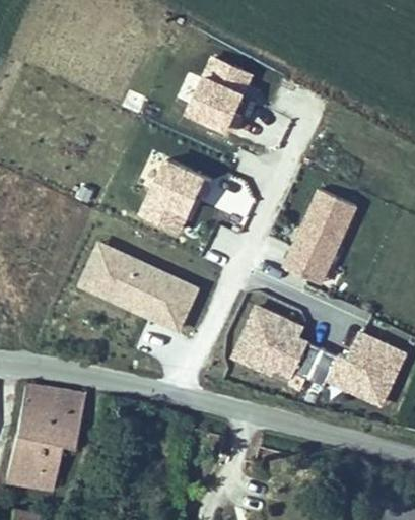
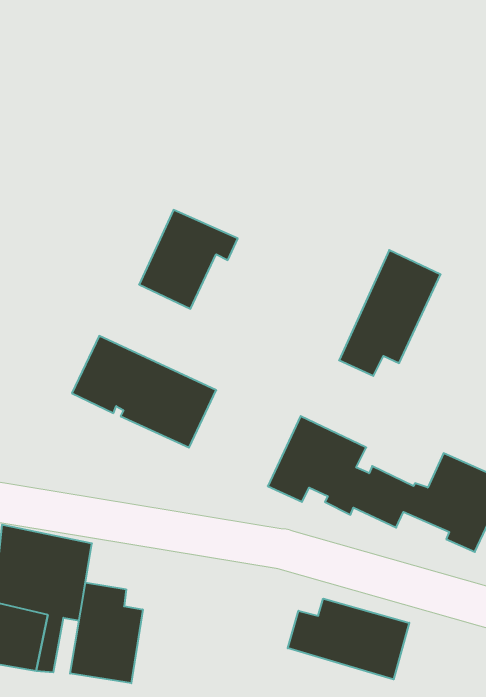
building: [183,58,245,132] -> none
building: none -> [70,582,143,683]
building: none -> [288,599,409,679]

